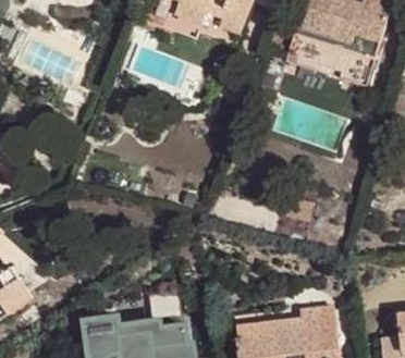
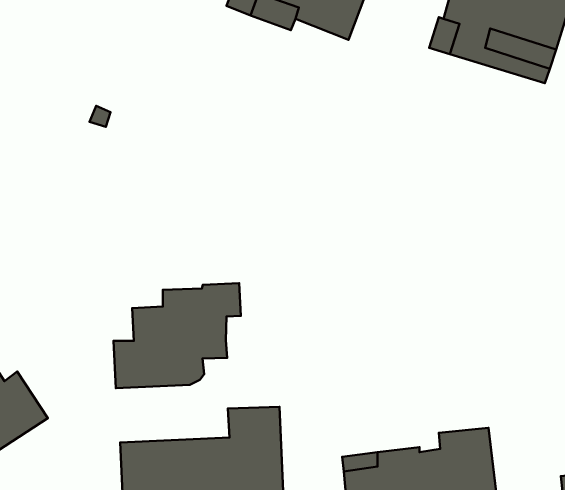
building: none -> [114,283,241,388]

